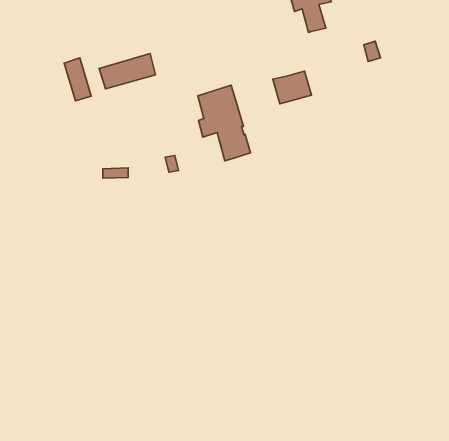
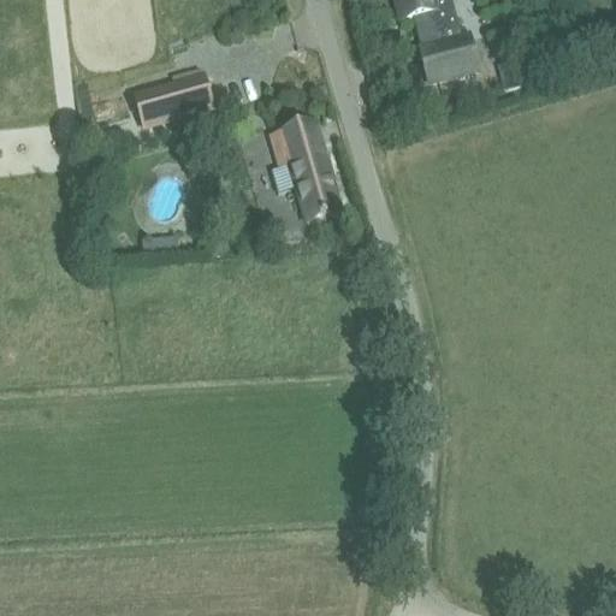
building: [64,58,91,101] -> none
building: [273,71,312,104] -> [426,32,479,77]

